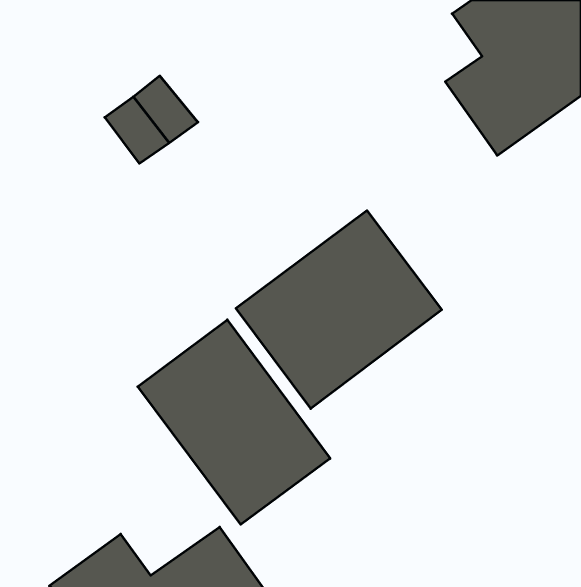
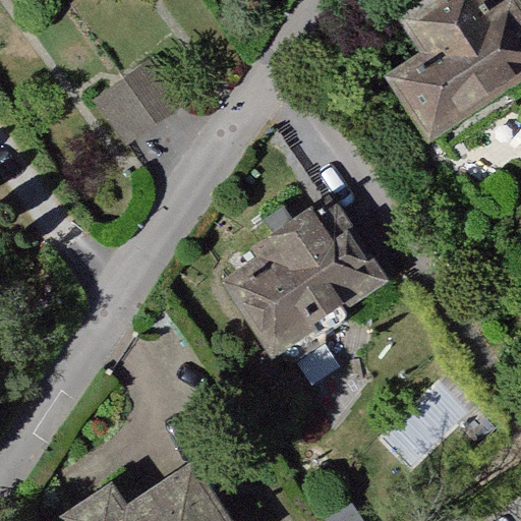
building: [138,320,330,524] -> none

